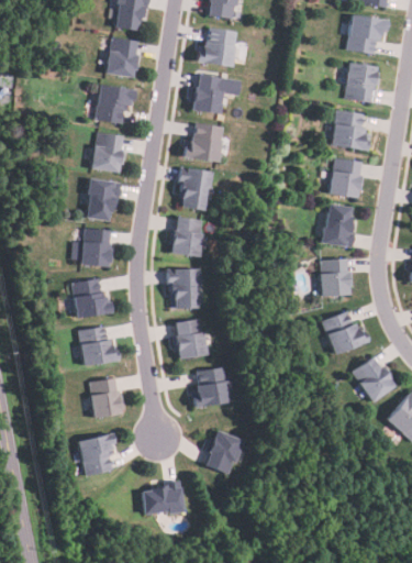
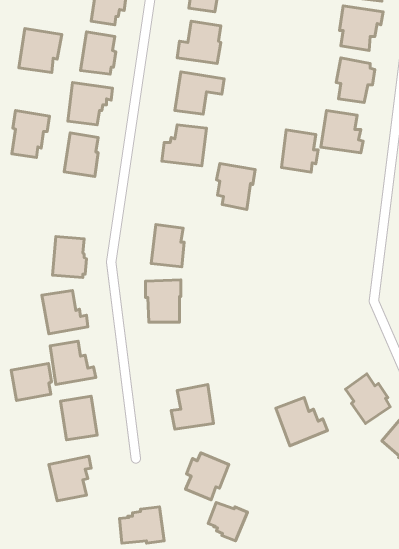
building: none -> [19,29,62,73]
building: [331,157,365,197] -> [282,130,318,172]
building: [177,167,213,210] -> [216,164,255,209]
building: [86,177,121,221] -> [12,110,49,157]
building: [322,202,356,246] -> none
building: [320,257,354,296] -> none
building: [322,311,370,356] -> [276,398,328,446]
building: [171,318,209,360] -> none
building: none -> [11,363,52,401]
building: none -> [208,503,247,541]

